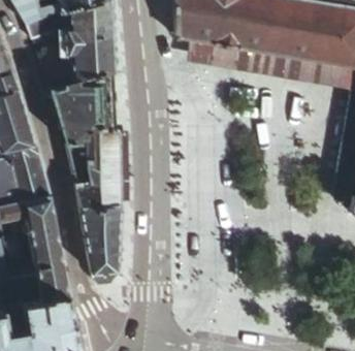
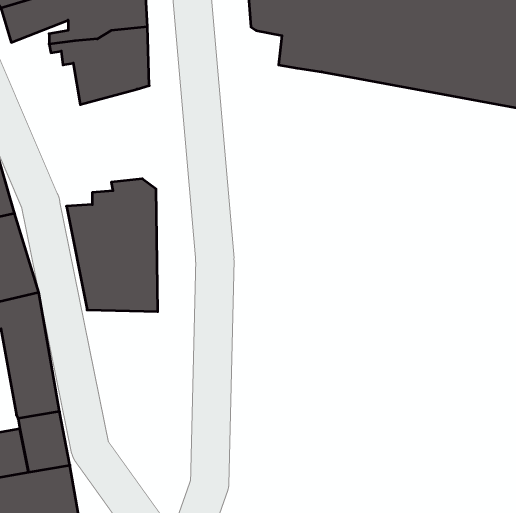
building: [51,76,112,147] -> none
building: [79,209,122,284] -> none

